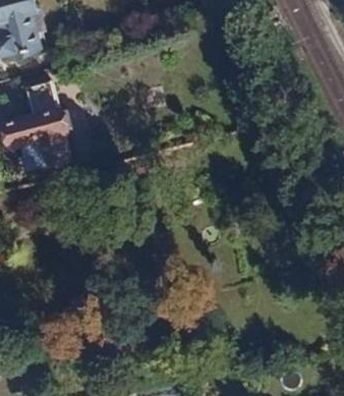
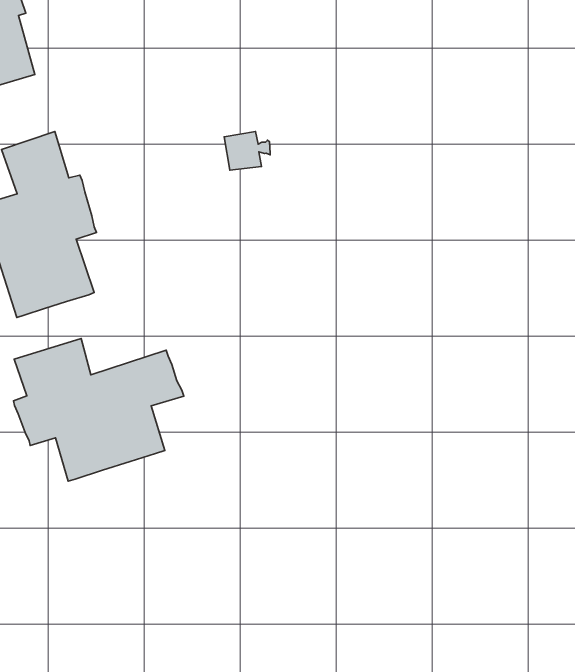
building: none -> [13,339,184,481]

